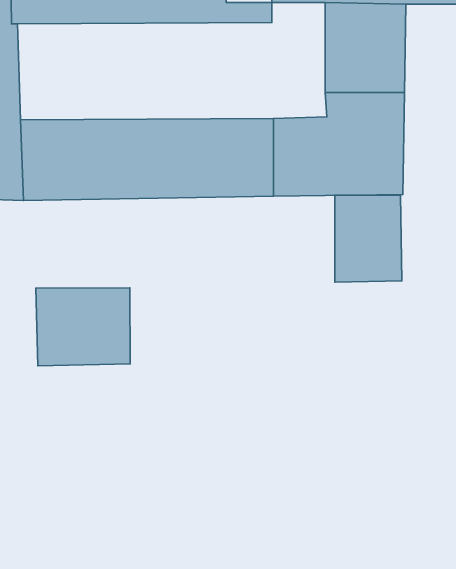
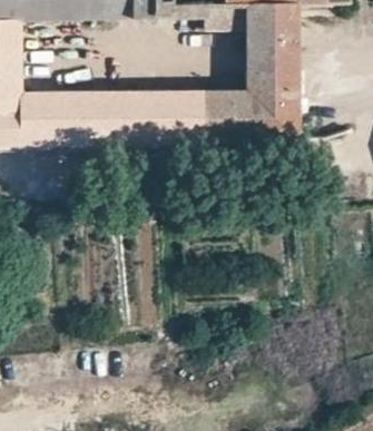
building: [335,195,402,282] -> none
building: [36,288,130,366] -> none

